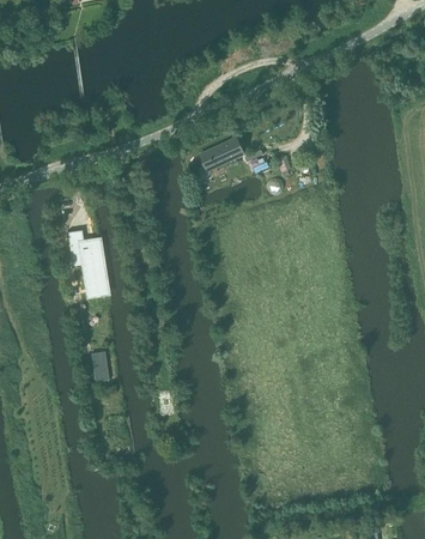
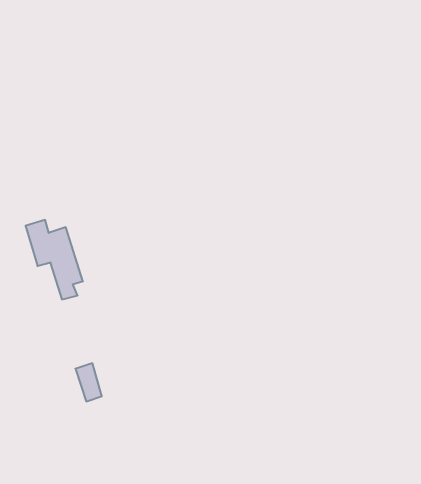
building: [200,137,244,171] -> none

